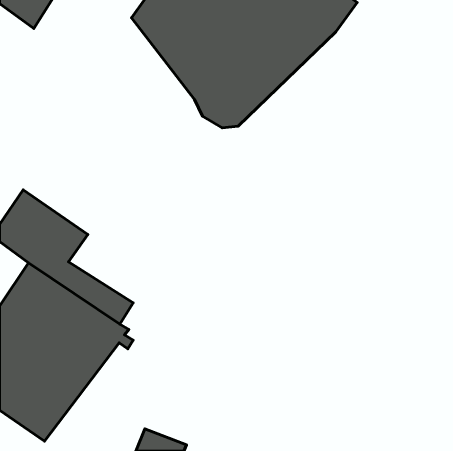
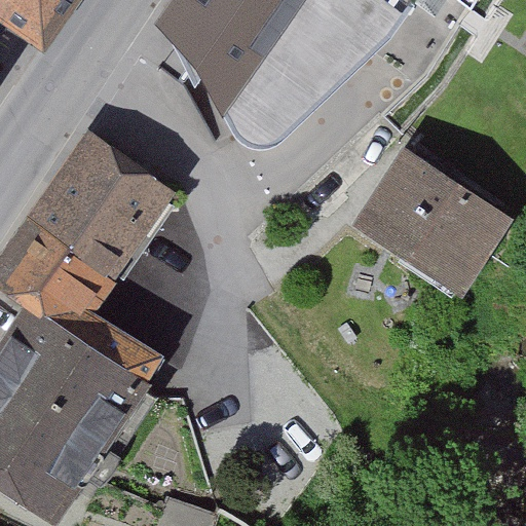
building: none -> [27,132,161,279]
building: none -> [363,152,501,280]

